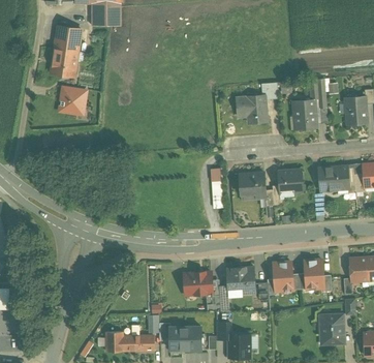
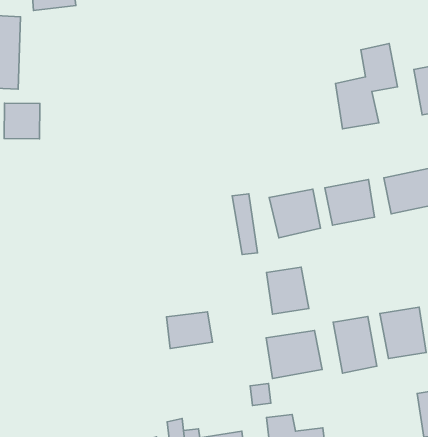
building: [232,94,270,126] -> none
building: none -> [266,267,309,314]
building: [183,271,212,293] -> [167,312,213,349]

